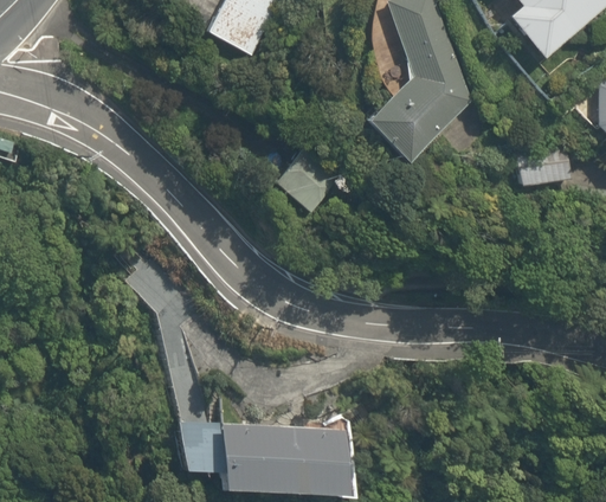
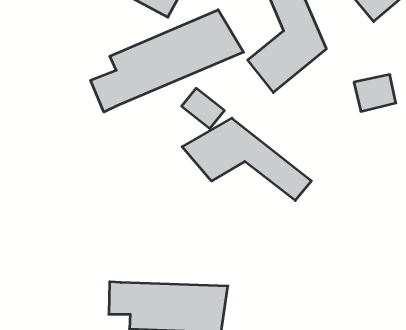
building: none -> [91,10,244,112]
building: none -> [182,118,311,201]

